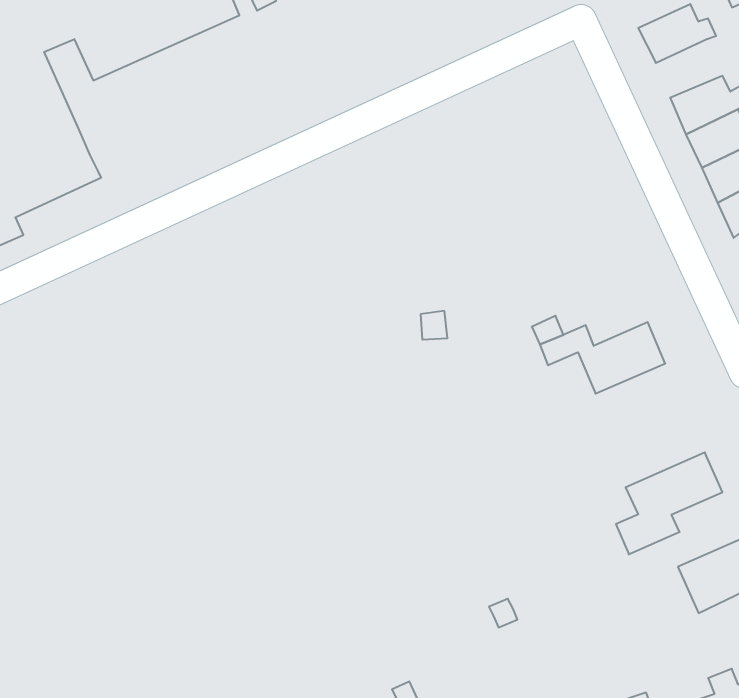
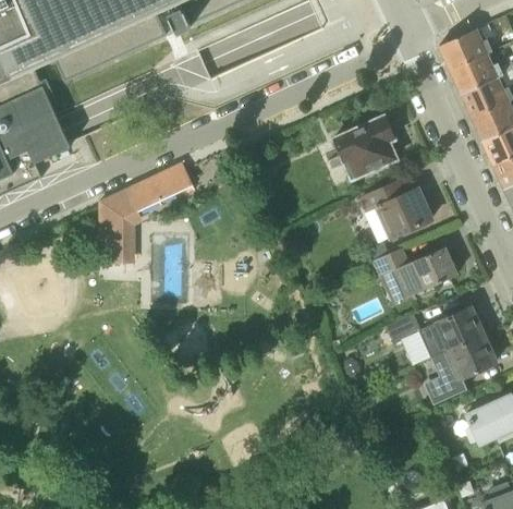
building: none -> [451,51,503,92]
building: none -> [332,113,396,175]
building: none -> [99,163,193,263]
building: none -> [362,182,432,235]
building: none -> [387,305,485,359]

